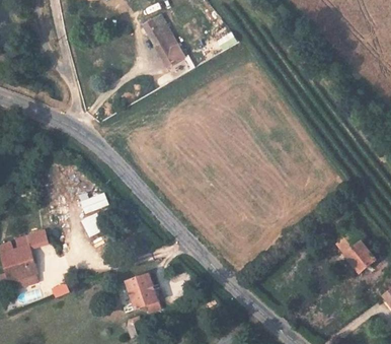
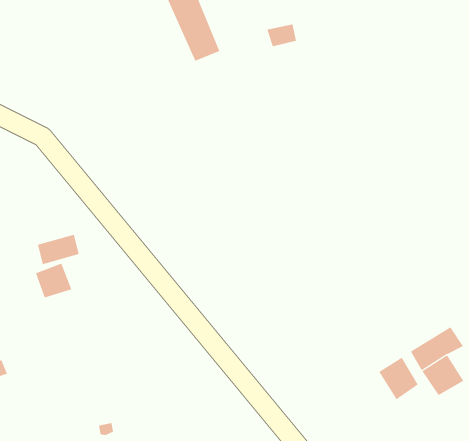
building: none -> [379,357,418,400]
building: [129,270,164,314] -> none

